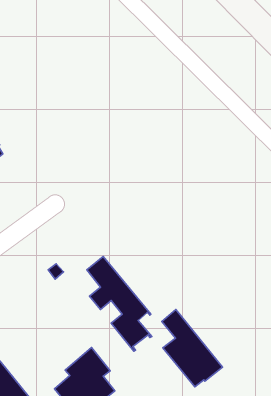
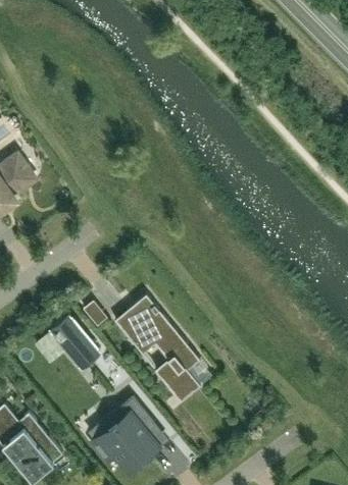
building: none -> [52,317,100,368]
building: [162,309,222,387] -> none

